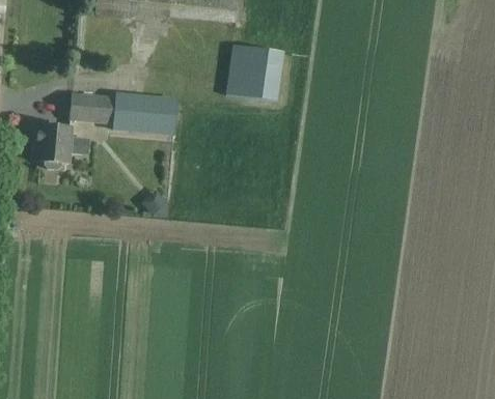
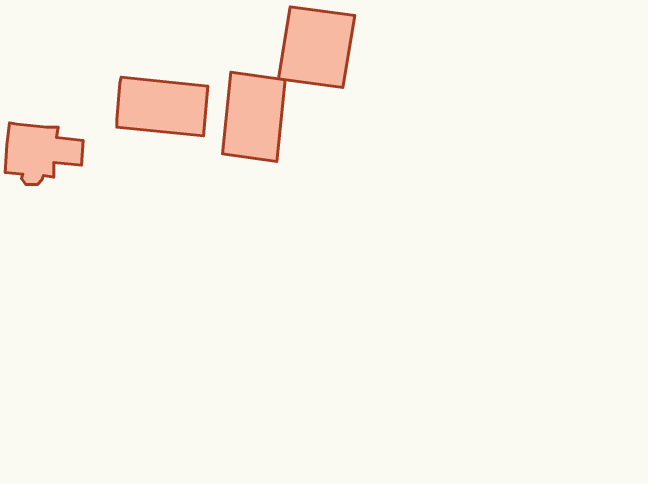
building: none -> [223,72,285,161]
building: [70,93,114,125] -> none

